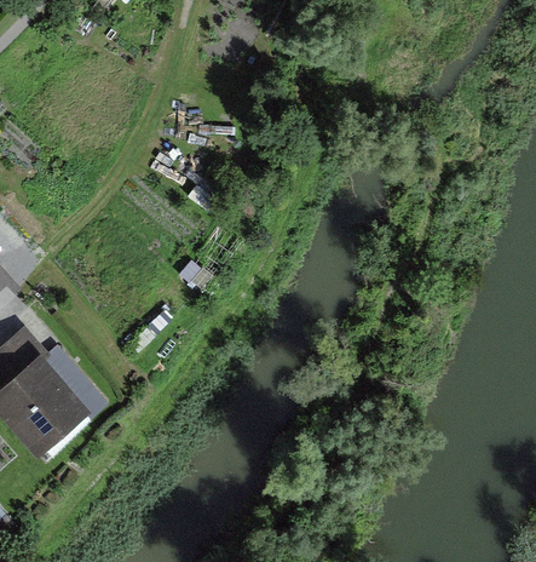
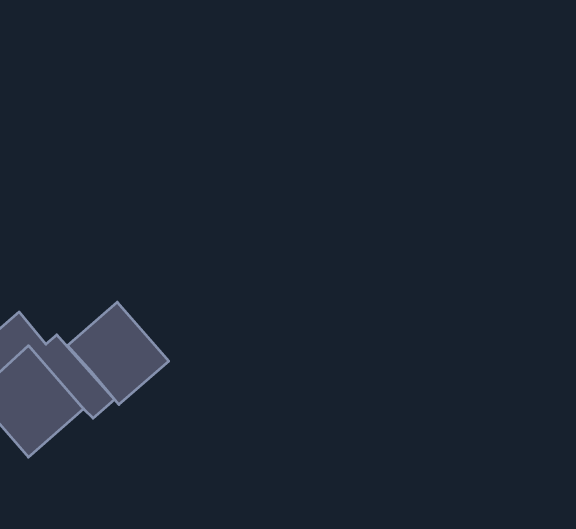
building: none -> [68,302,169,405]

